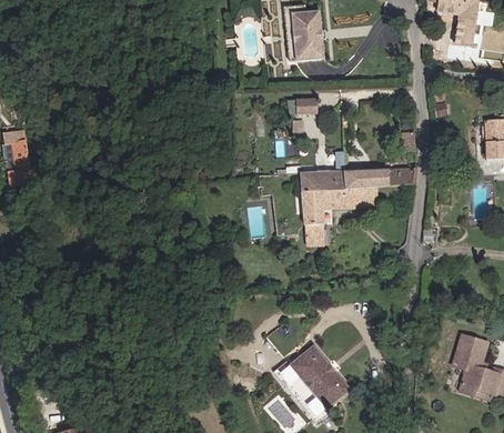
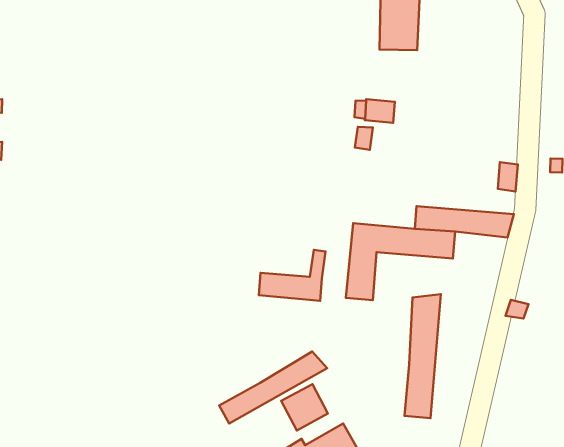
building: [298,151,344,190] -> [259,250,326,301]
building: none -> [404,294,441,418]
building: none -> [219,352,327,424]

